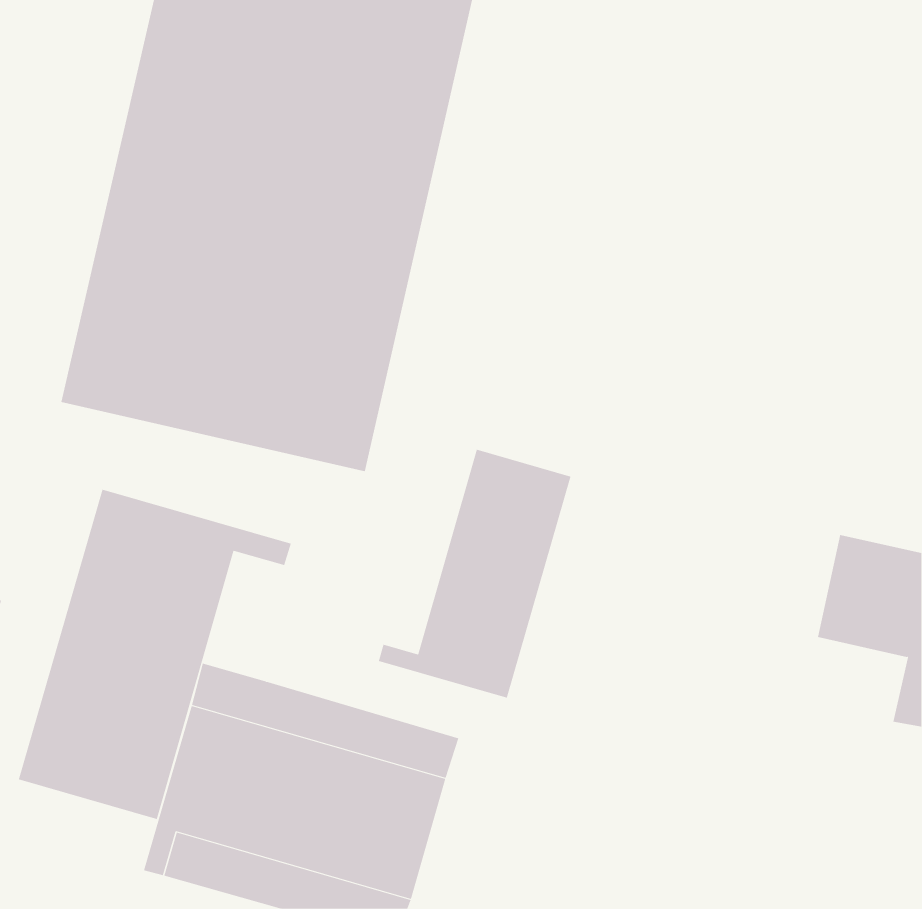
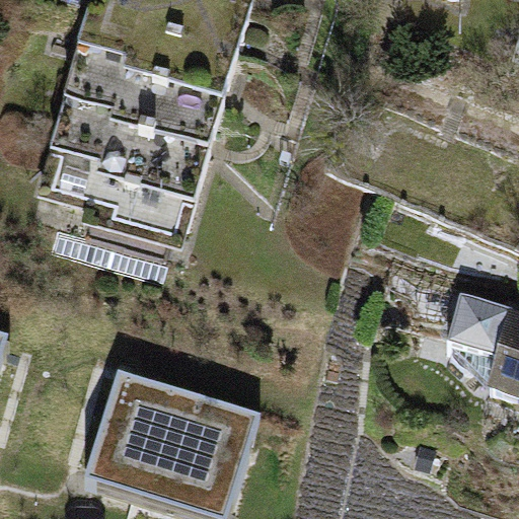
building: [378,449,571,698] -> none
building: [18,489,291,820] -> none

